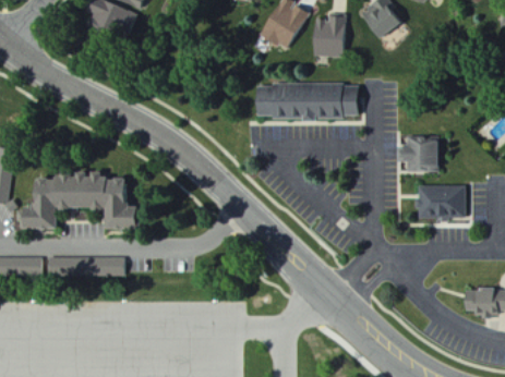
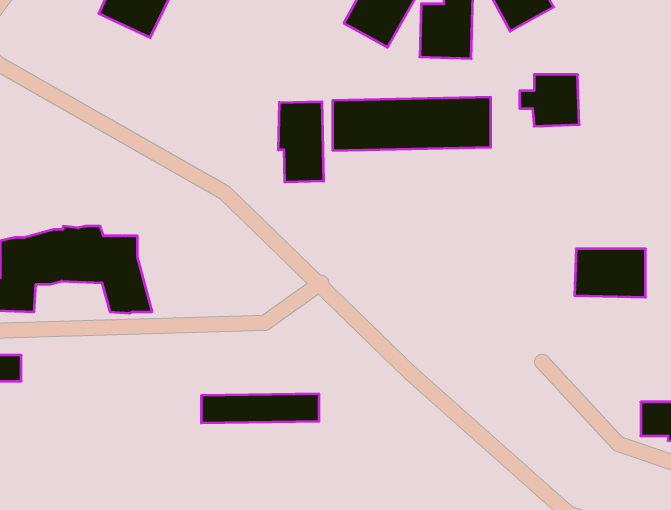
building: none -> [278,102,324,182]
building: [395,137,435,172] -> [520,75,579,126]
building: [46,256,125,276] -> [201,394,319,423]

